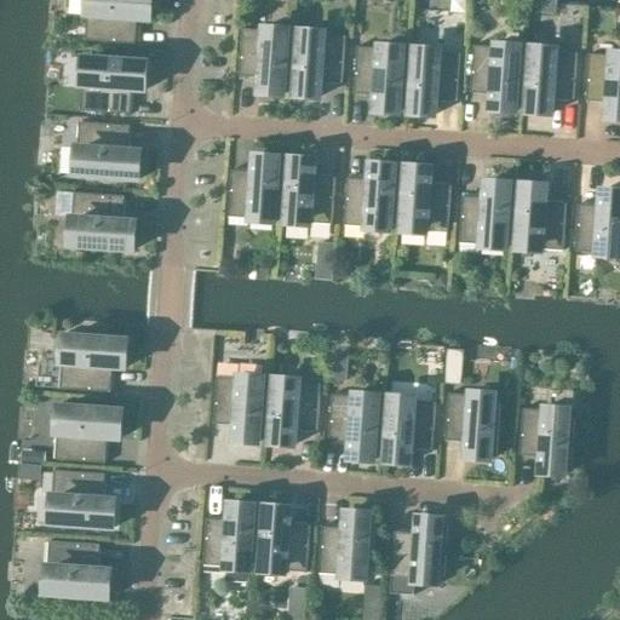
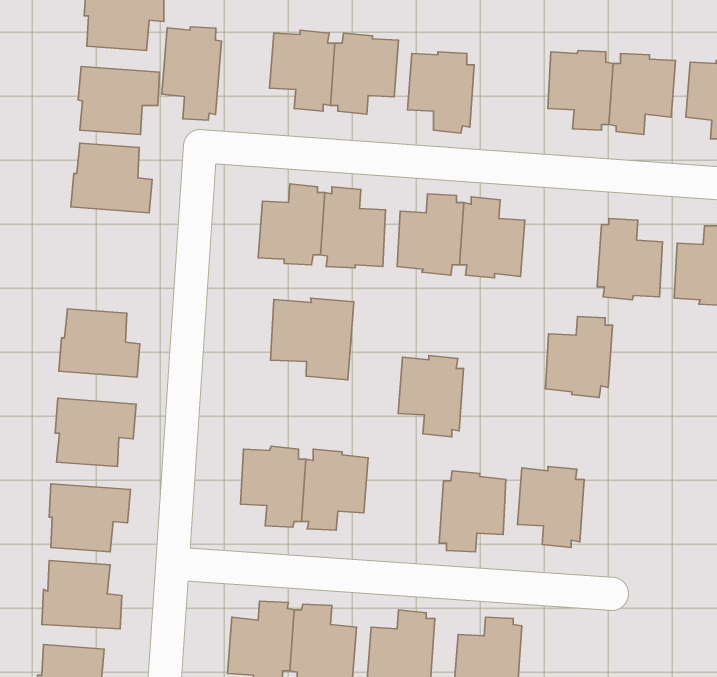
building: none -> [162,27,222,120]
building: [404,46,460,114] -> none
building: [459,180,515,248] -> [546,316,612,398]
building: [67,191,134,248] -> [59,309,140,377]
building: none -> [270,298,354,380]
building: [328,391,383,459] -> [398,356,464,437]
building: [518,406,575,472] -> none

